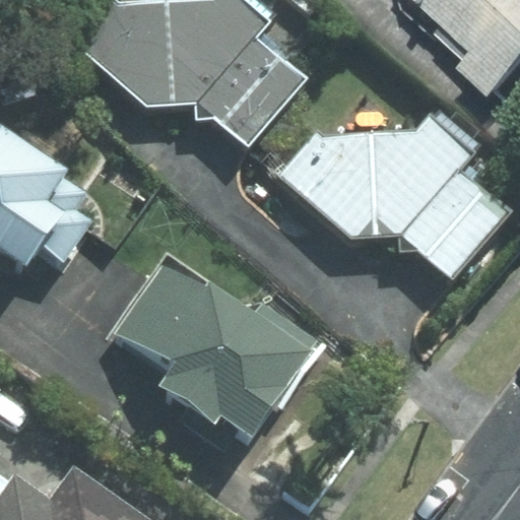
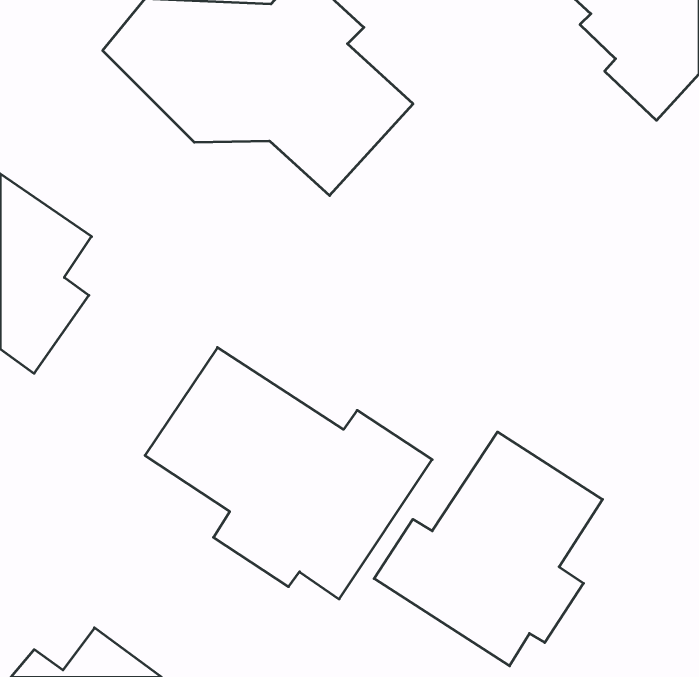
building: [281,113,512,282] -> none
building: none -> [374,432,603,666]

